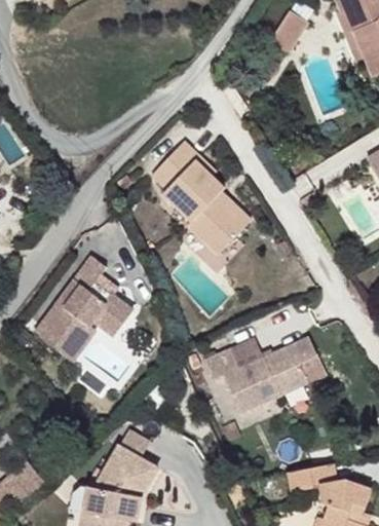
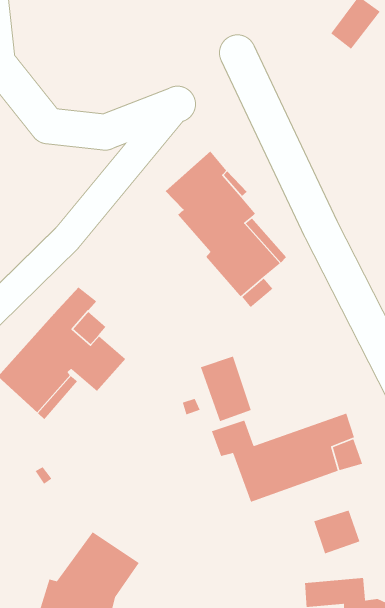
building: none -> [200,356,252,422]
building: none -> [313,510,361,555]

